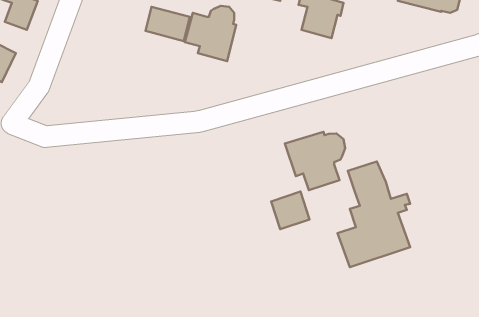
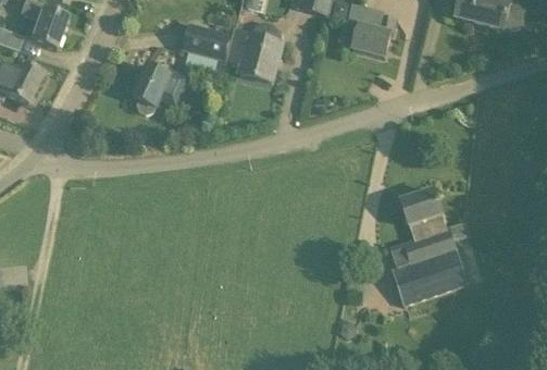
building: none -> [129,64,187,114]
building: [285,132,345,190] -> none
building: [271,192,310,229] -> none

